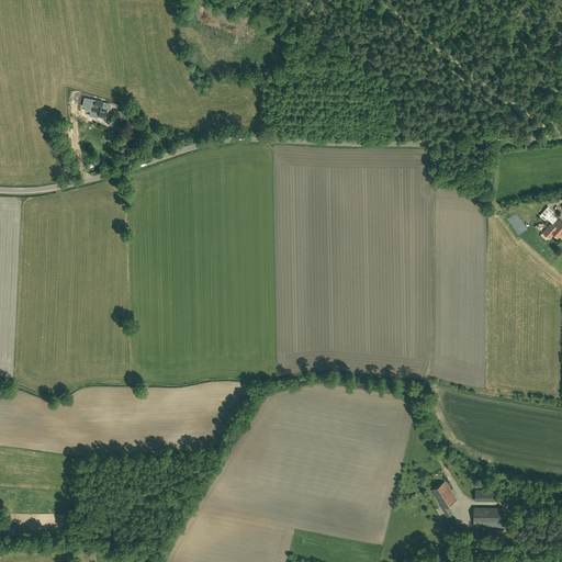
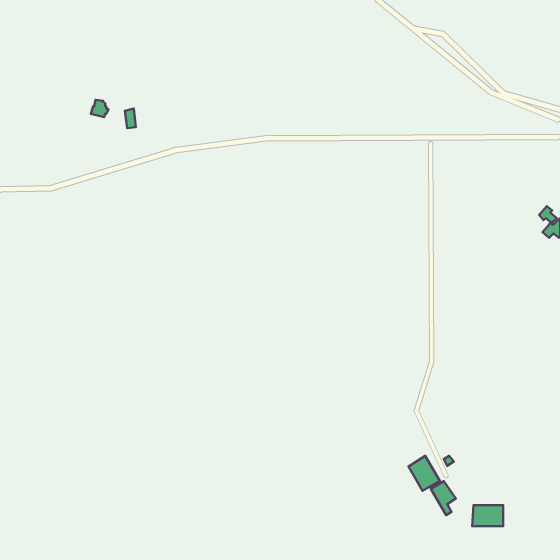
building: none -> [409,456,440,491]

